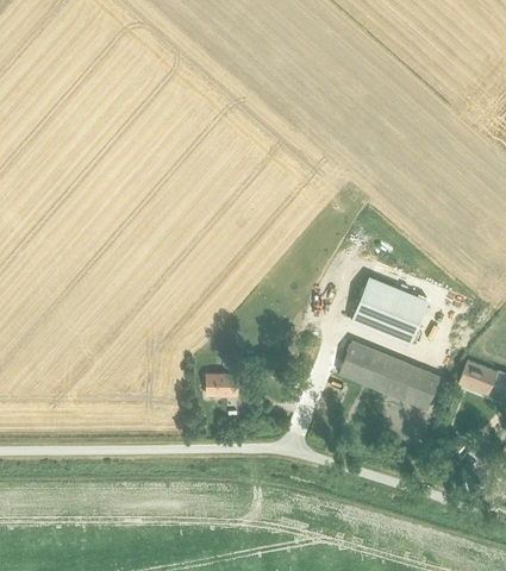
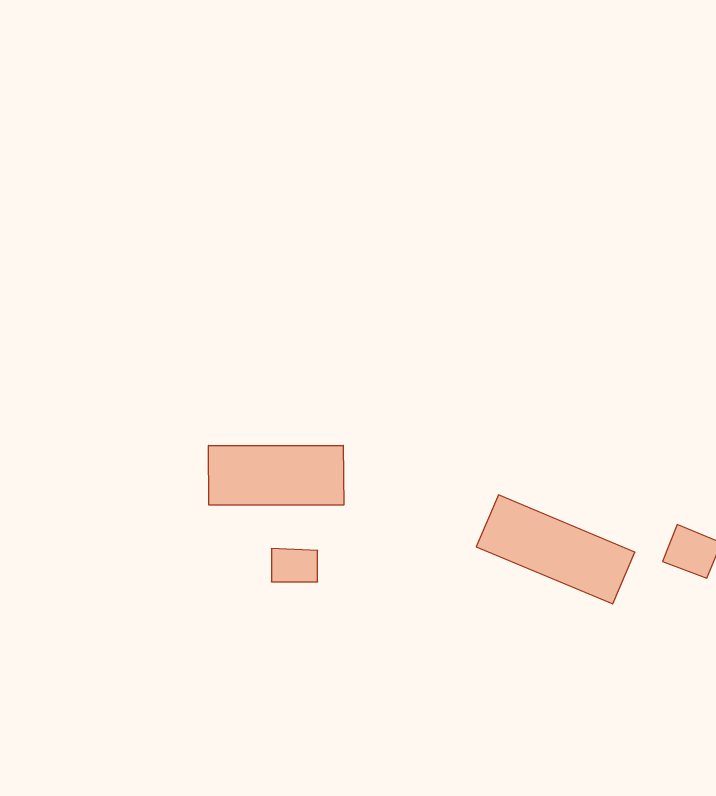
building: [352,278,426,345] -> none
building: none -> [209,445,344,505]

